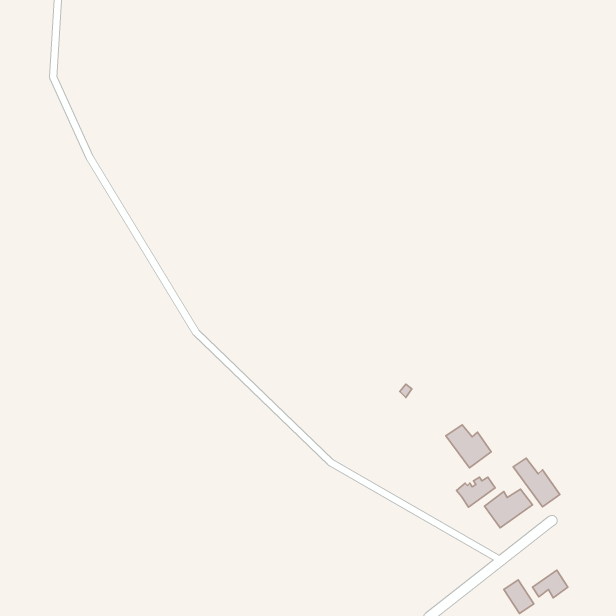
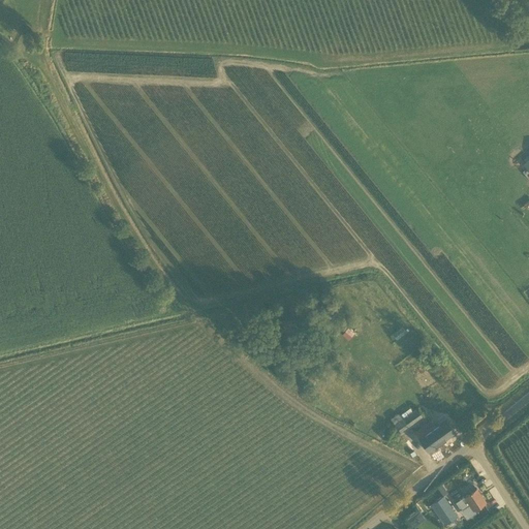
building: [446,425,491,468] -> none
building: [513,458,560,507] -> none

